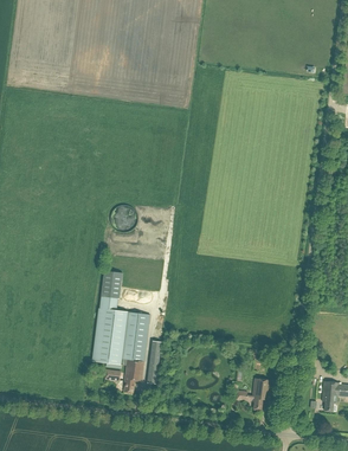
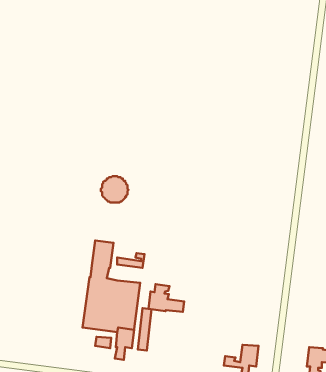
building: none -> [149,284,184,312]

